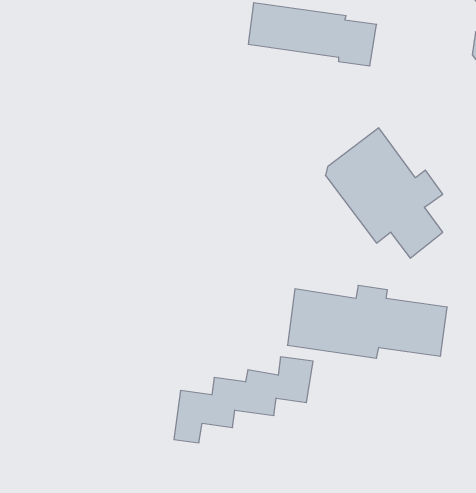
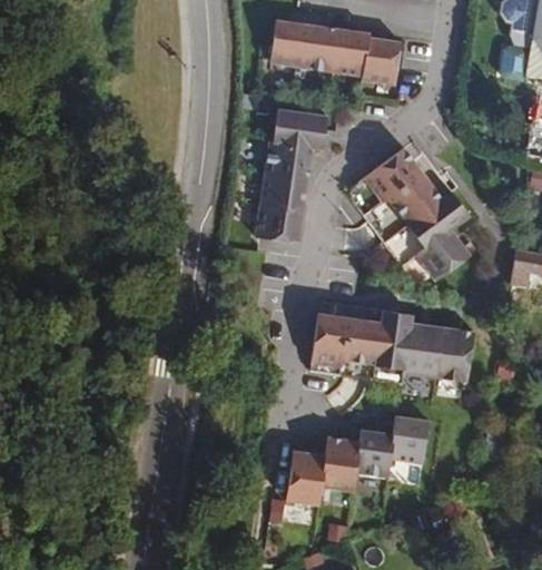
building: none -> [256,108,327,242]
building: [174,357,313,443] -> [286,415,428,503]

